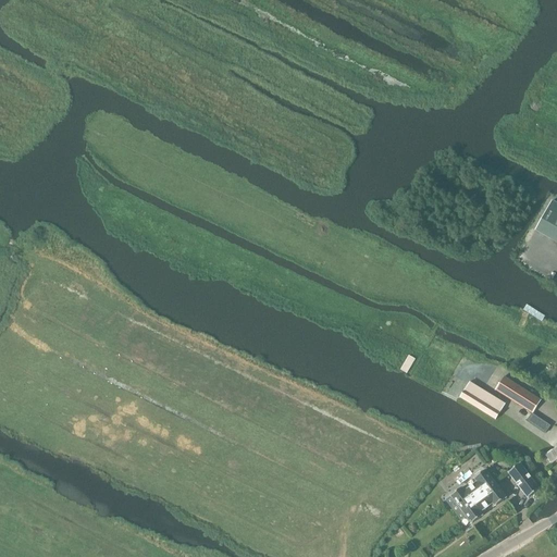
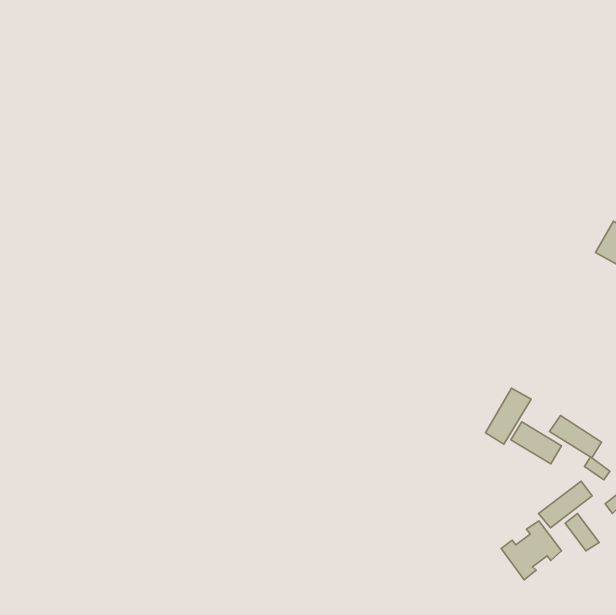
building: none -> [485,388,531,444]
building: none -> [538,481,592,528]

